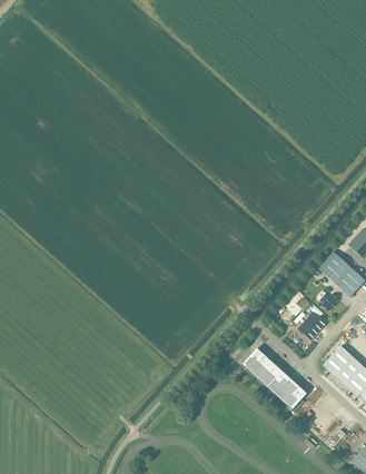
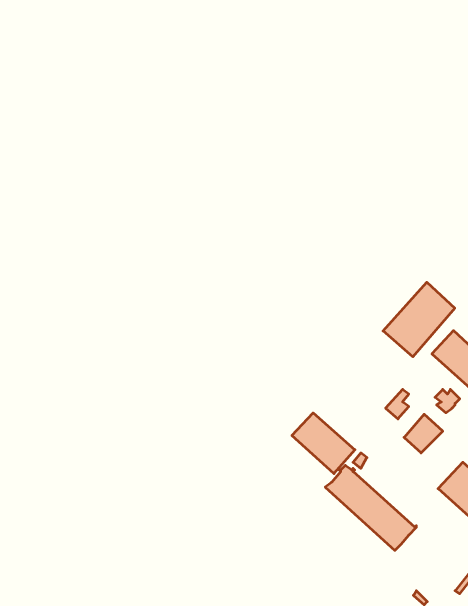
building: none -> [383,282,455,357]
building: none -> [292,413,355,474]

